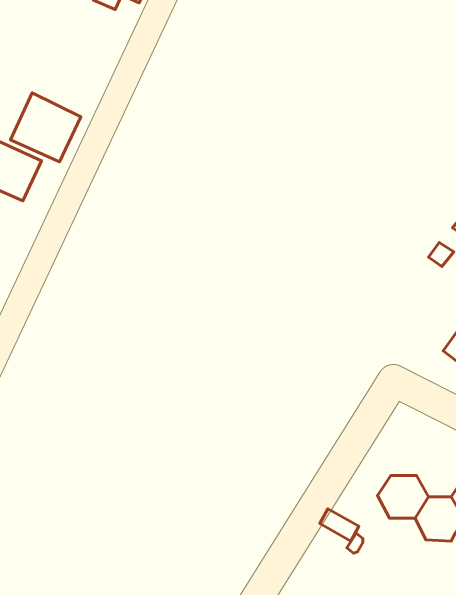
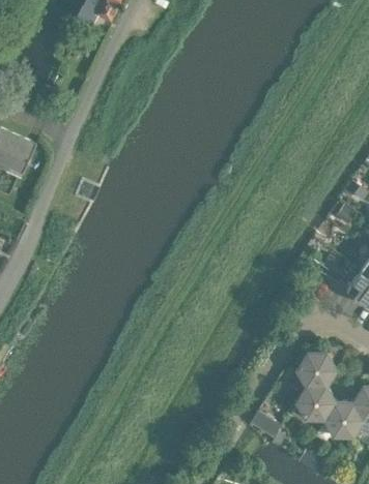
building: [11,93,81,162] -> none
building: none -> [296,353,336,386]

